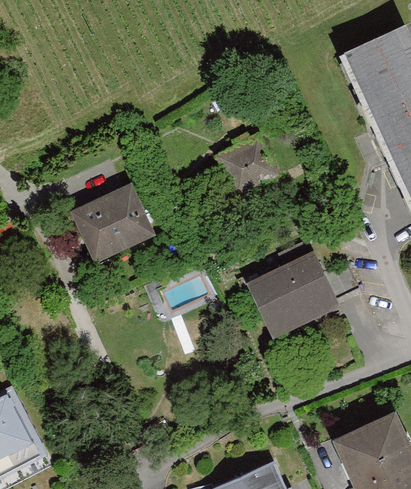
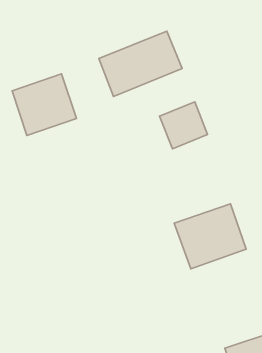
building: none -> [99,31,182,97]
building: [77,192,159,271] -> [12,74,76,135]

